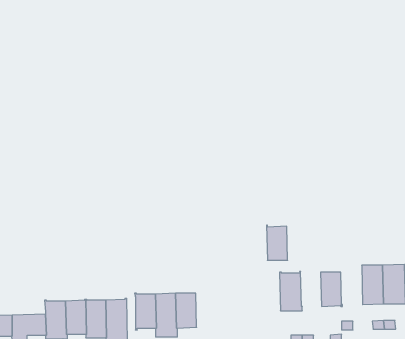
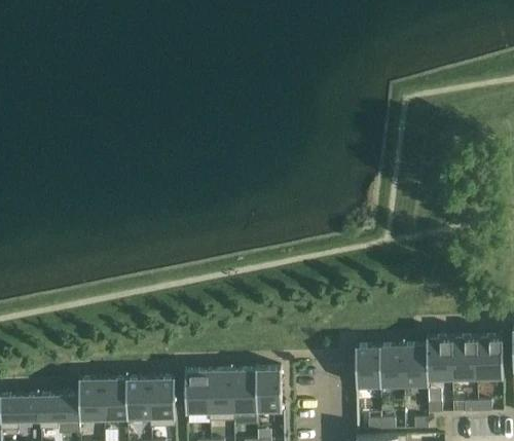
building: [267,225,288,260] -> [379,344,404,385]
building: none -> [426,337,452,383]
building: none -> [255,367,282,415]

